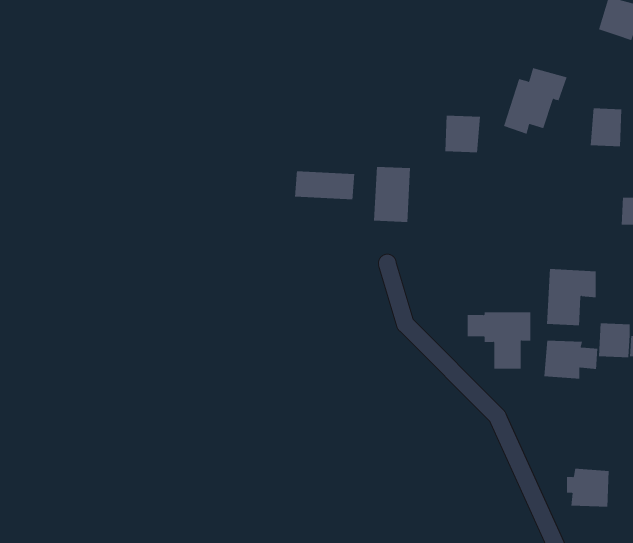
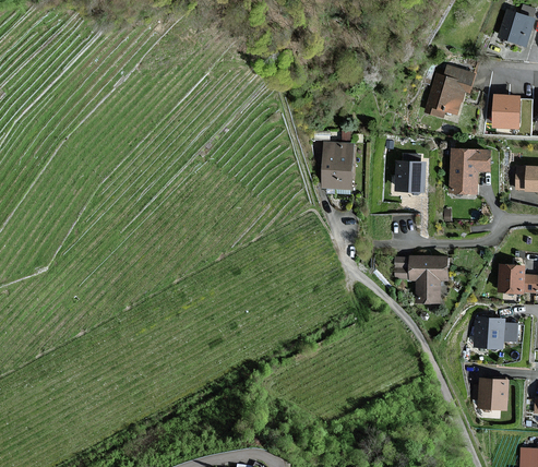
building: [444,115,481,153] -> [397,161,426,191]
building: [295,170,355,200] -> none
building: [546,268,597,326] -> [451,148,490,193]
building: [544,340,598,379] -> [475,318,517,348]

